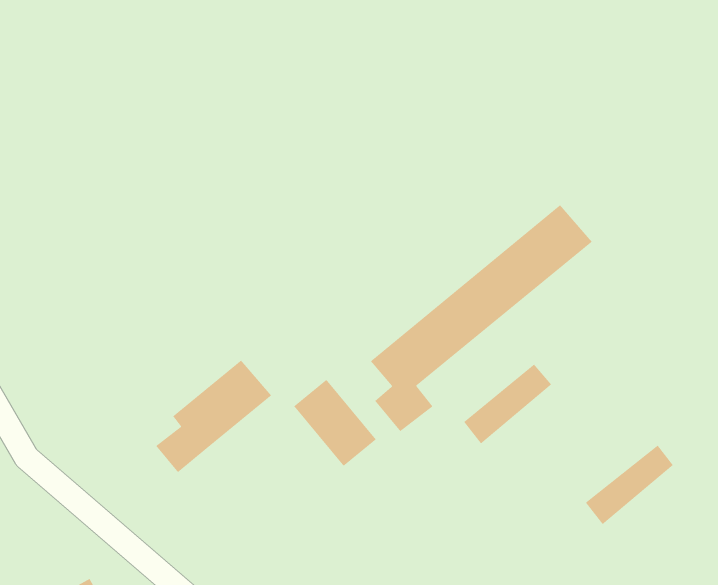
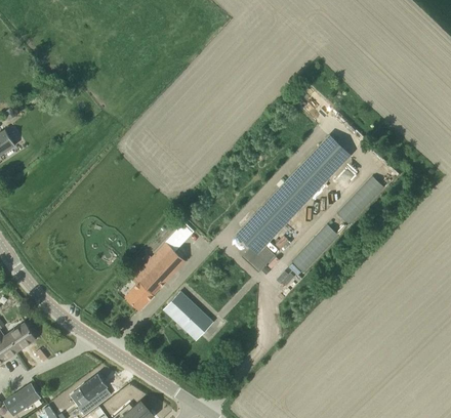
building: [293,379,377,467] -> [164,292,212,339]
building: [585,444,674,525] -> [337,176,383,224]

